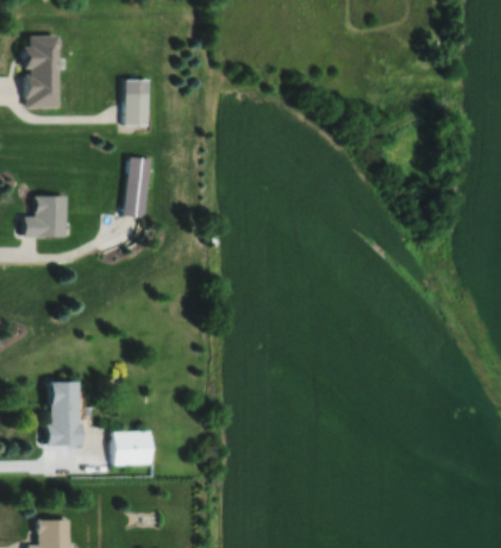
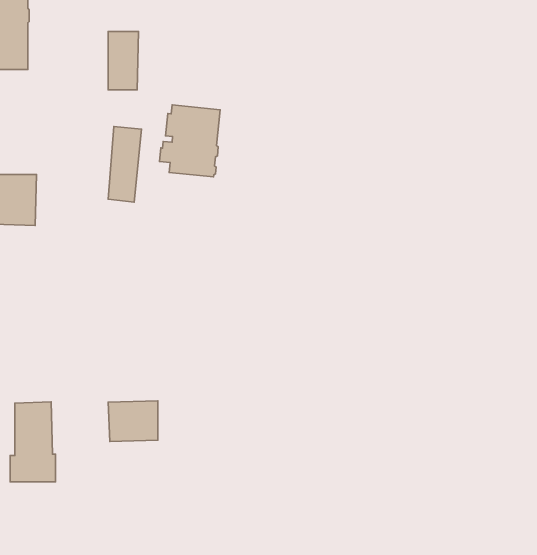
building: none -> [159,105,220,177]
building: [113,430,154,464] -> [108,401,158,442]

